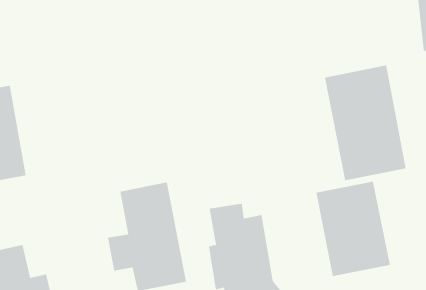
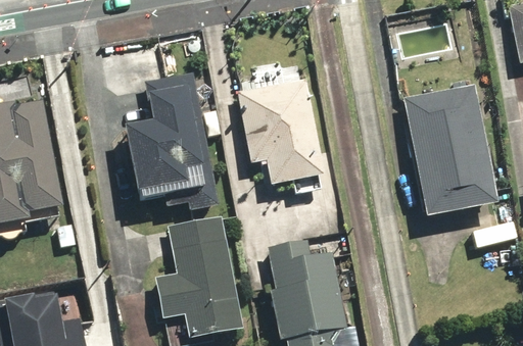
building: none -> [125,73,221,212]
building: none -> [240,81,323,186]
building: [316,181,390,277] -> none

